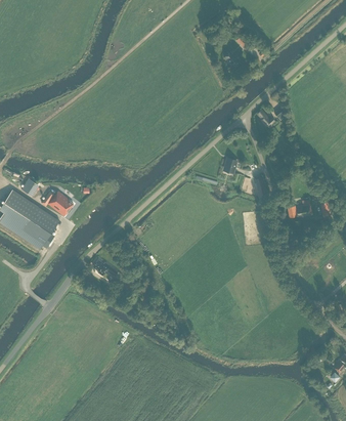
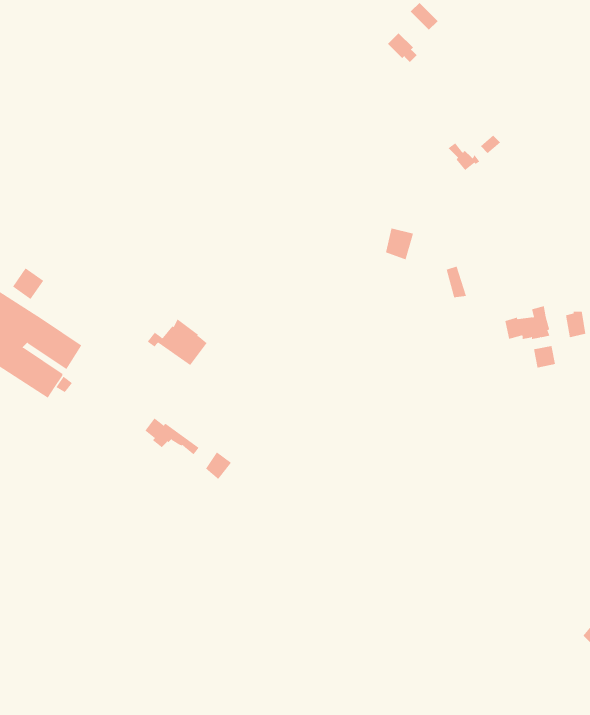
building: [41,191,74,216] -> [147,319,208,366]

